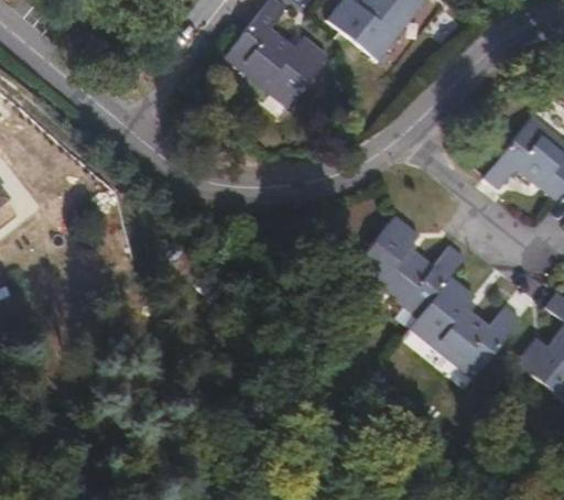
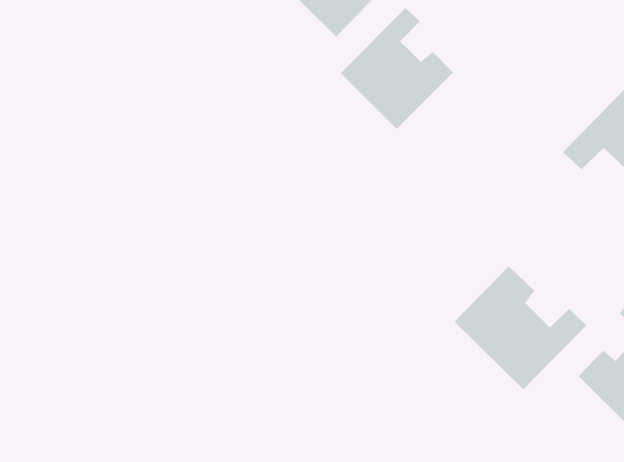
building: none -> [340,7,454,130]
building: [356,220,466,320] -> none

